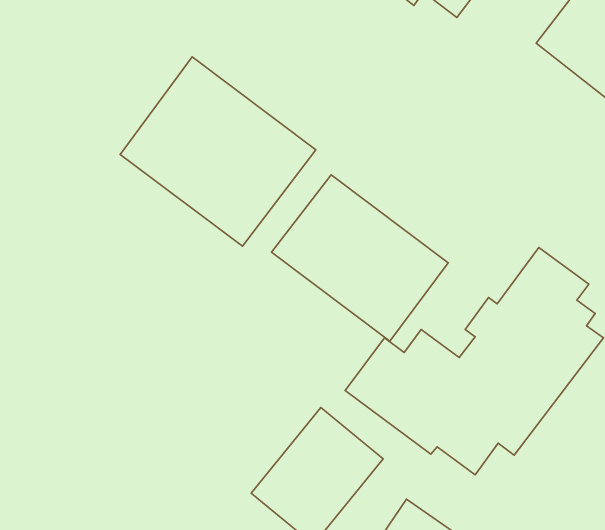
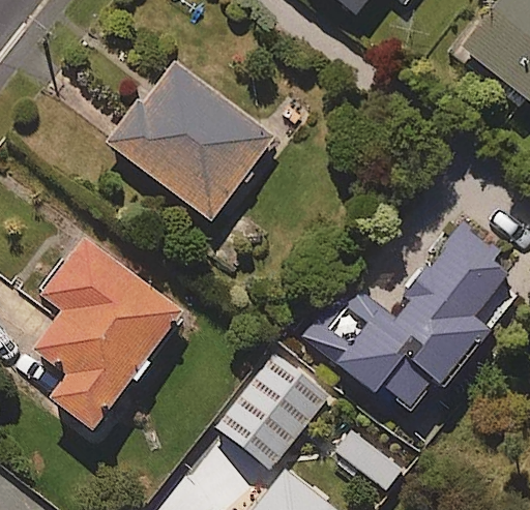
building: [271,175,448,341] -> none
building: none -> [26,236,182,433]

